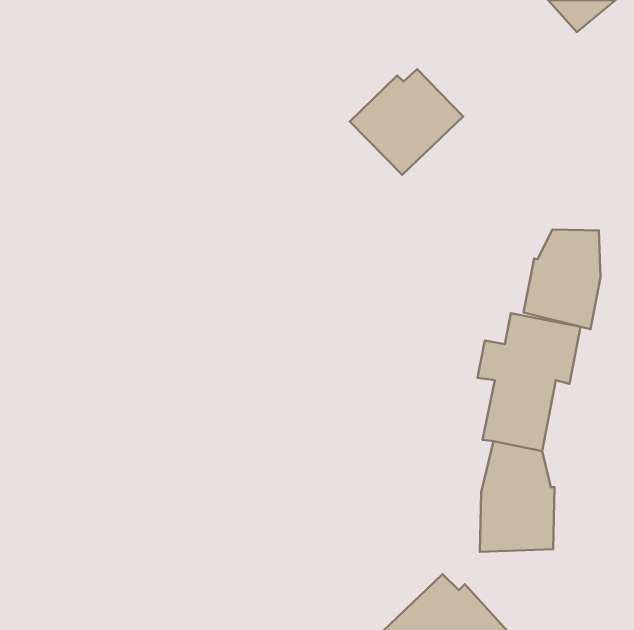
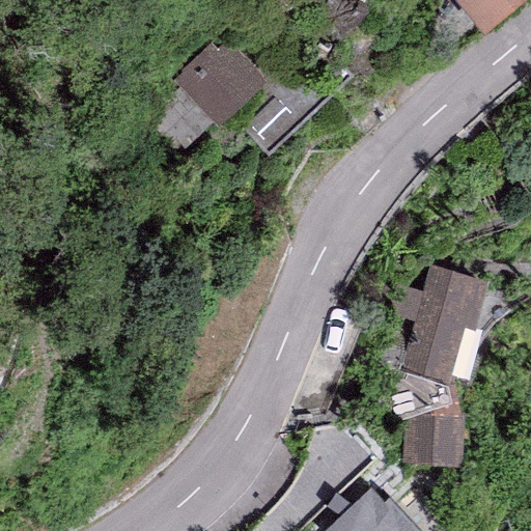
building: [350,69,463,175] -> [172,41,267,130]
building: [523,230,601,329] -> none

